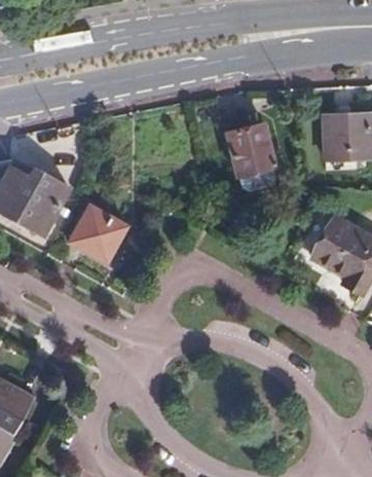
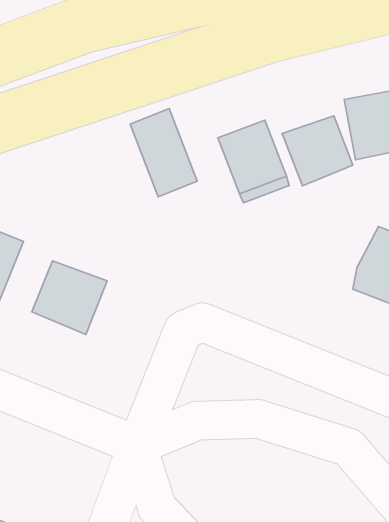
building: none -> [130,109,197,197]
building: none -> [282,116,353,186]

